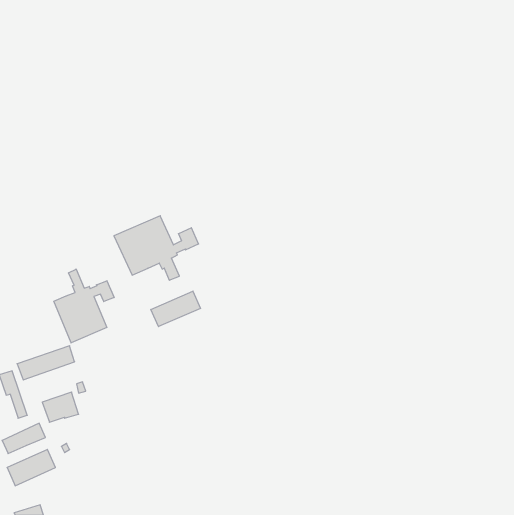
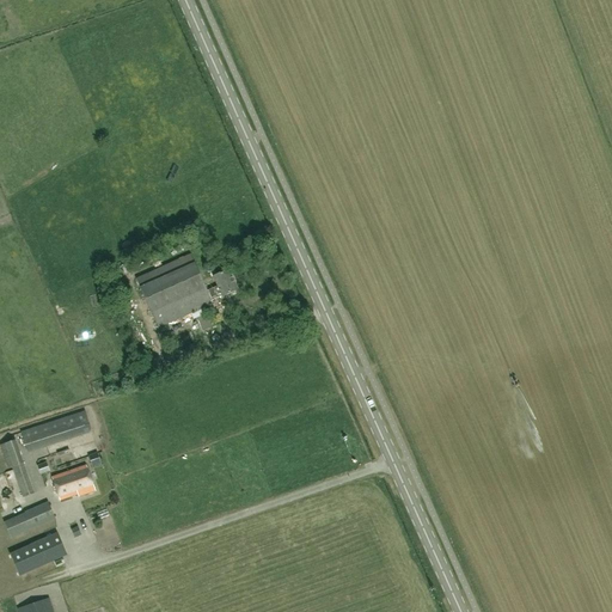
building: [54,269,114,343] -> none
building: [151,291,201,327] -> none

